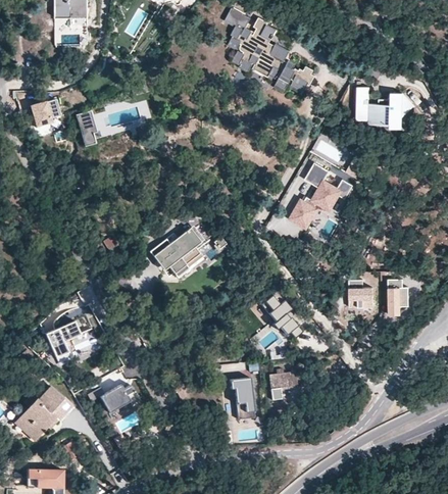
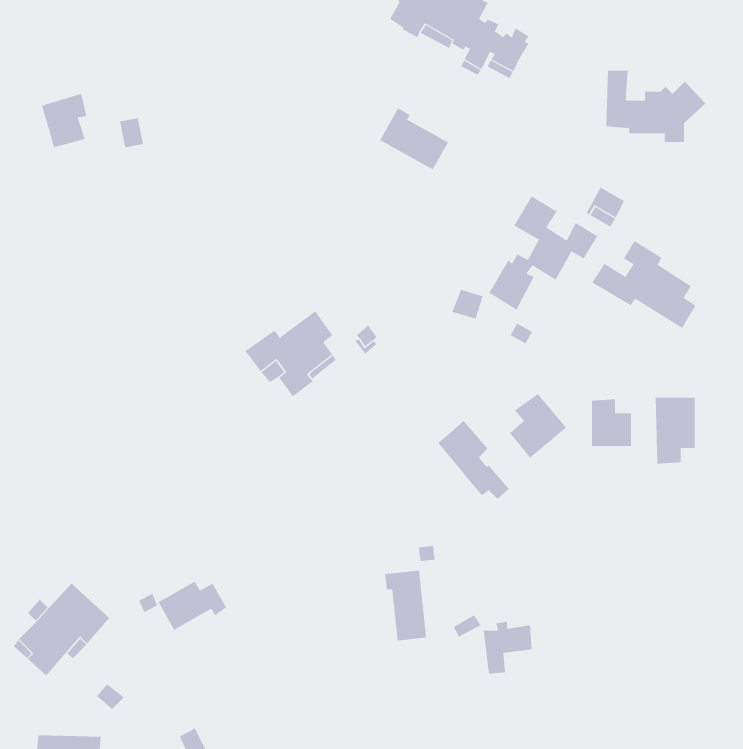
building: none -> [380,107,449,170]
building: none -> [591,240,696,329]
building: none -> [509,393,567,458]
building: [46,324,83,360] -> none
building: [268,368,297,399] -> [483,621,533,674]

